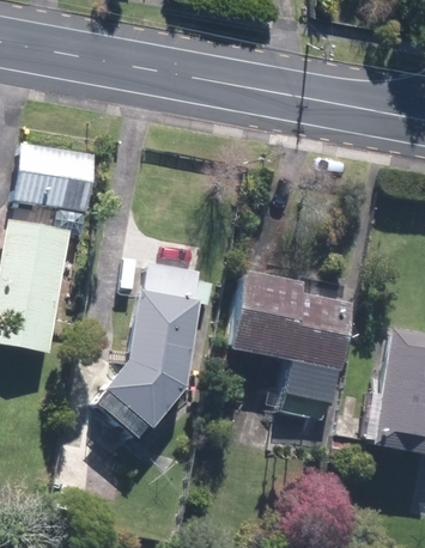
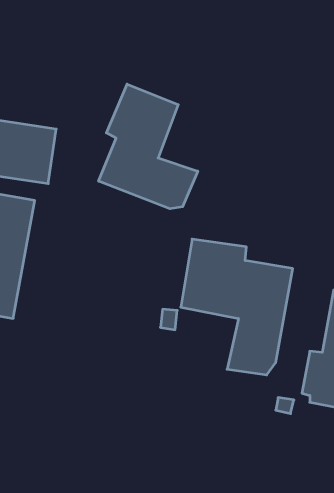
building: none -> [99,84,198,209]
building: [77,266,187,446] -> none

